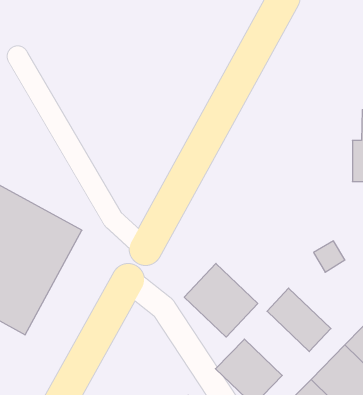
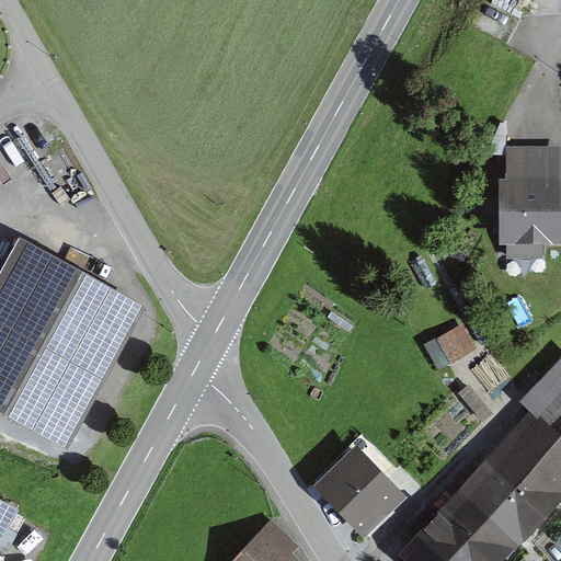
building: [184,263,258,337] -> none
building: [267,288,331,352] -> none

